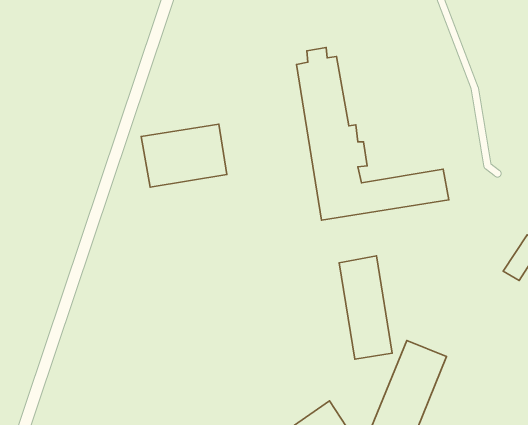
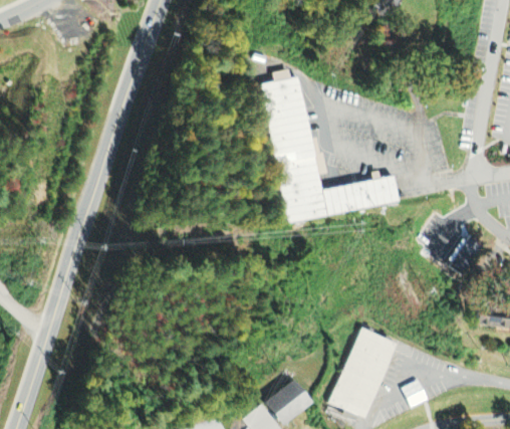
building: [141,124,227,187] -> none
building: [339,256,392,359] -> none

